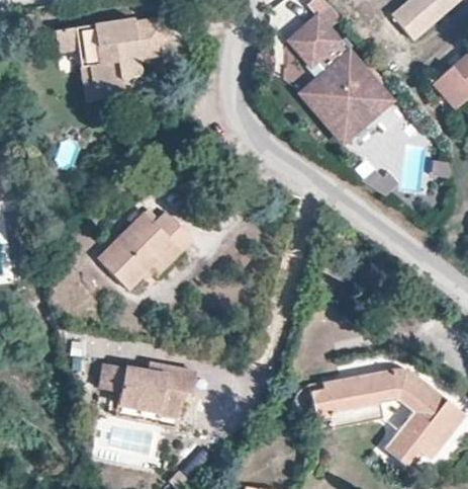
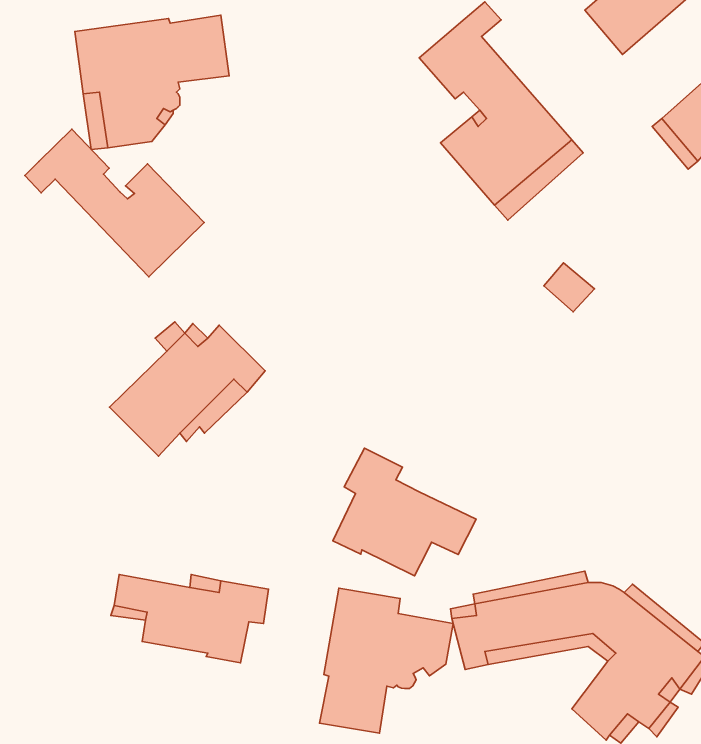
building: none -> [25,129,204,277]
building: none -> [333,448,476,576]
building: none -> [320,588,453,733]

